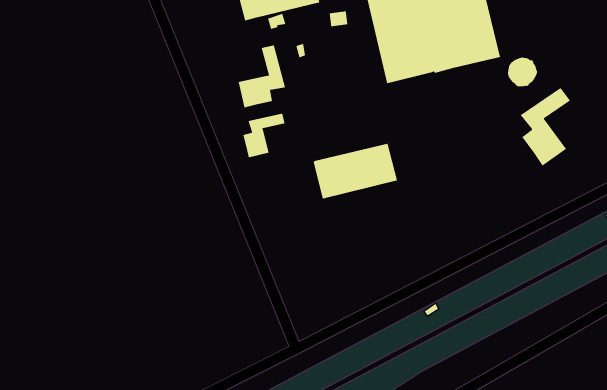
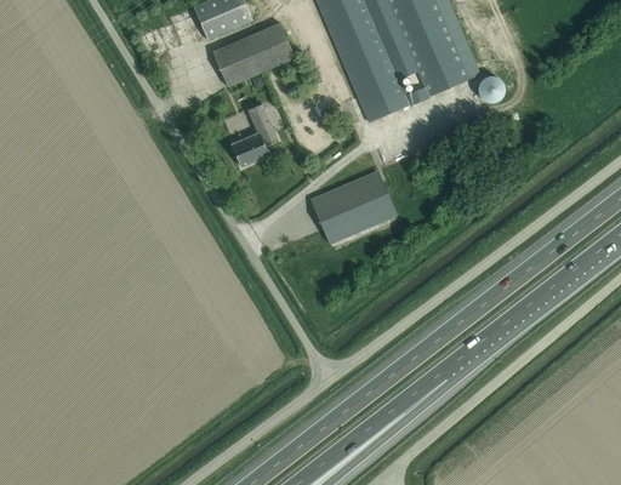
building: [520,87,571,167] -> none
building: [243,113,285,158] -> none

